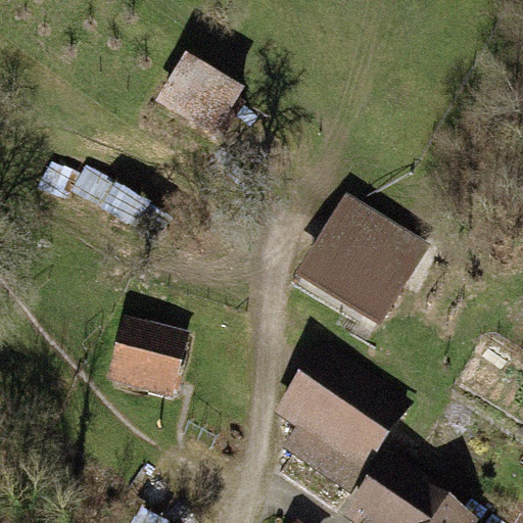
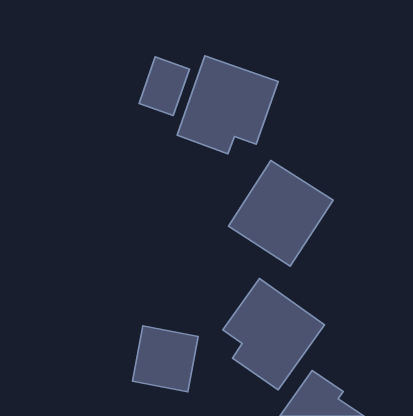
building: none -> [177,56,278,154]
building: [110,311,193,393] -> [132,326,198,392]

